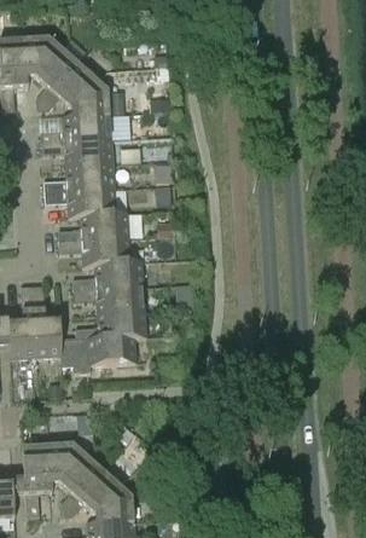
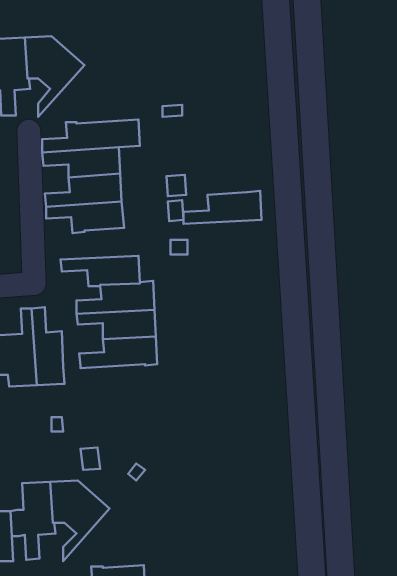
building: [36,64,109,117] -> none
building: [57,212,128,242] -> [184,191,262,224]
building: [59,337,135,372] -> none
building: [59,469,133,523] -> none

